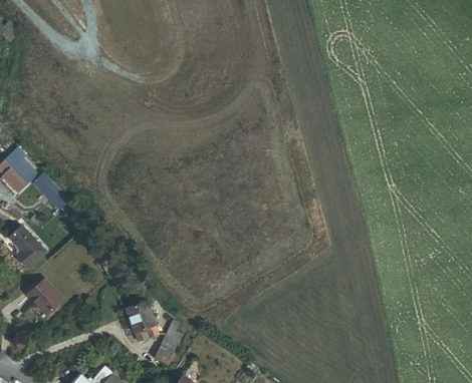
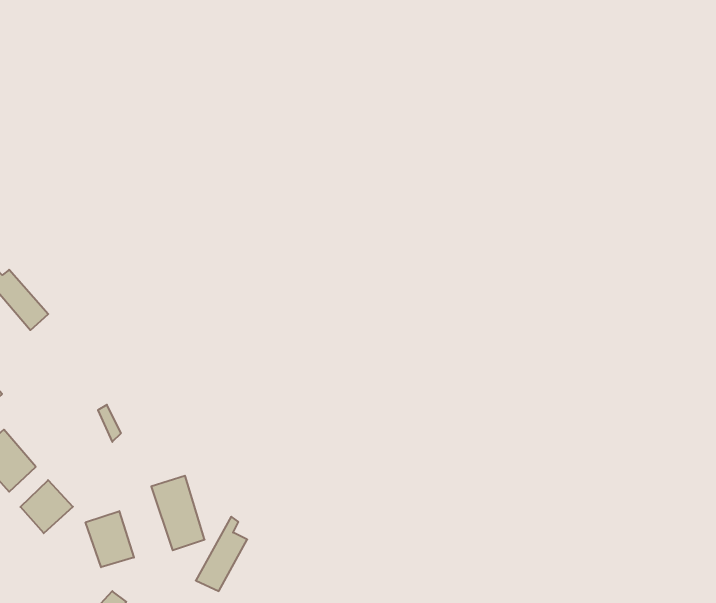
building: none -> [20,480,73,533]
building: none -> [86,511,134,567]

